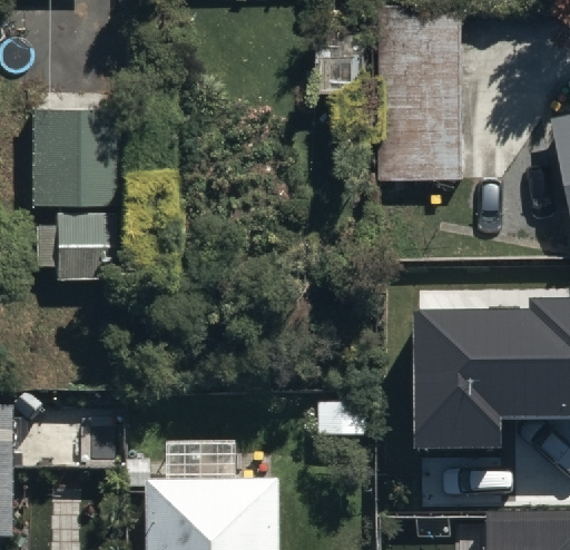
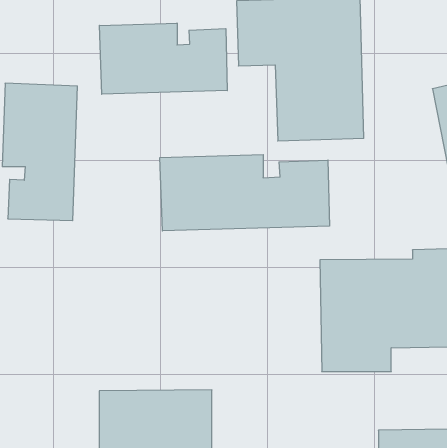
building: none -> [99,23,227,94]
building: none -> [160,155,329,231]

